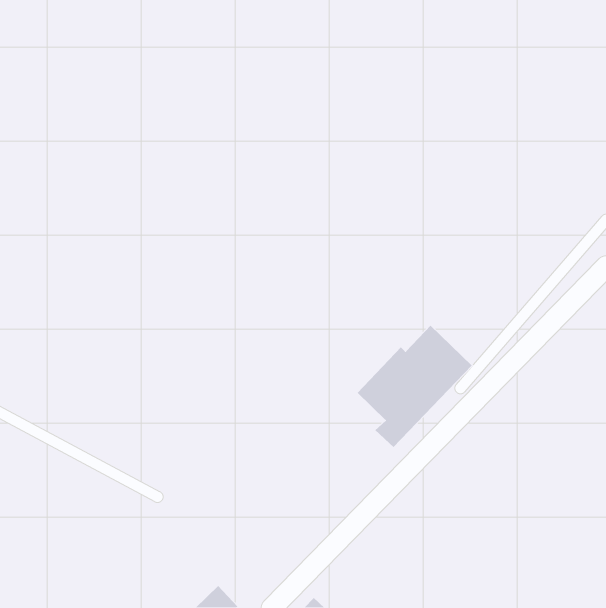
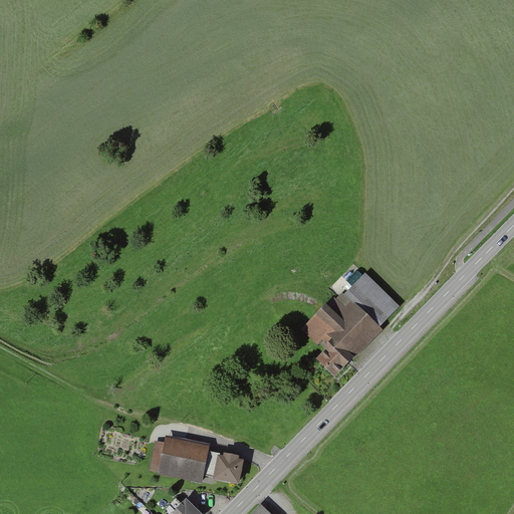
building: none -> [152,437,214,484]
building: none -> [220,453,251,482]

